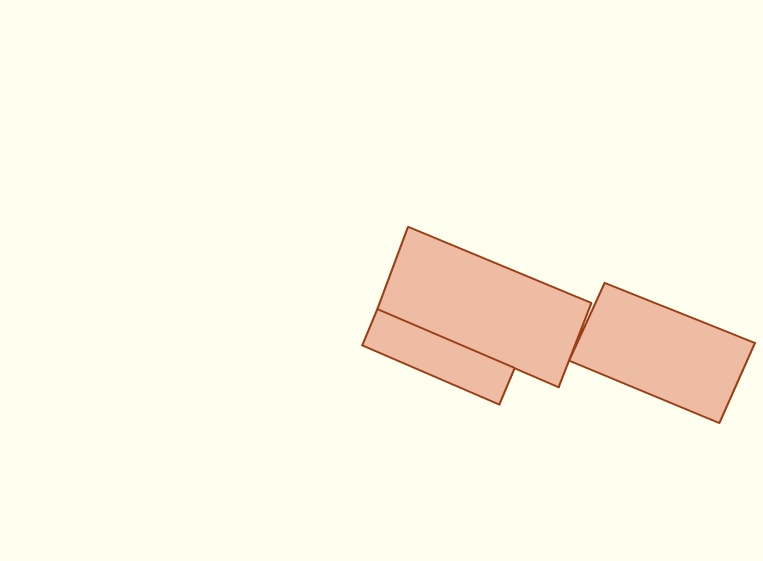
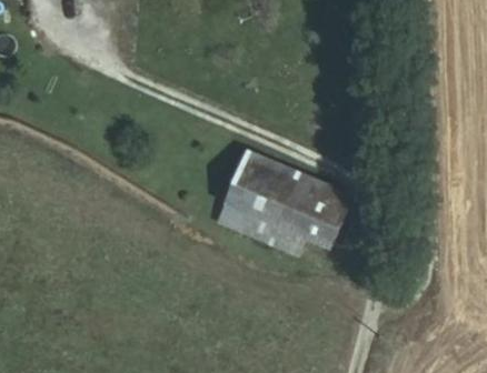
building: [569,283,755,423] -> none

